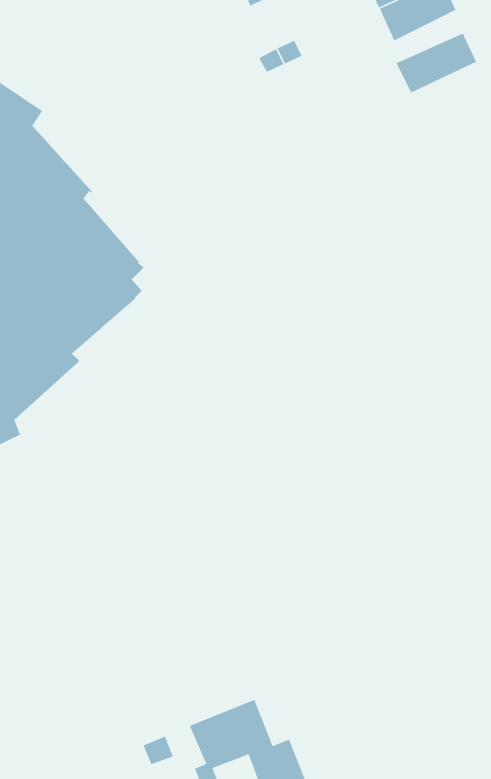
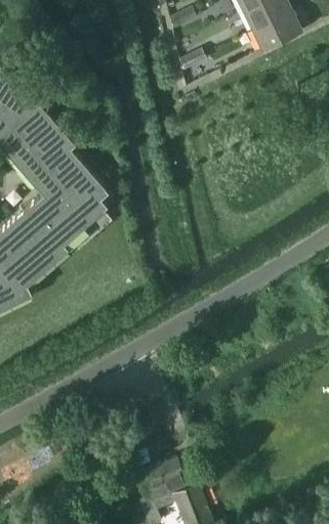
building: [396,32,477,93] -> none

